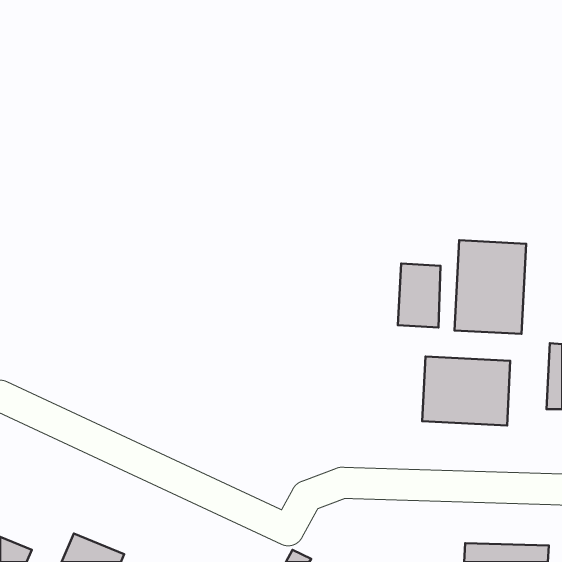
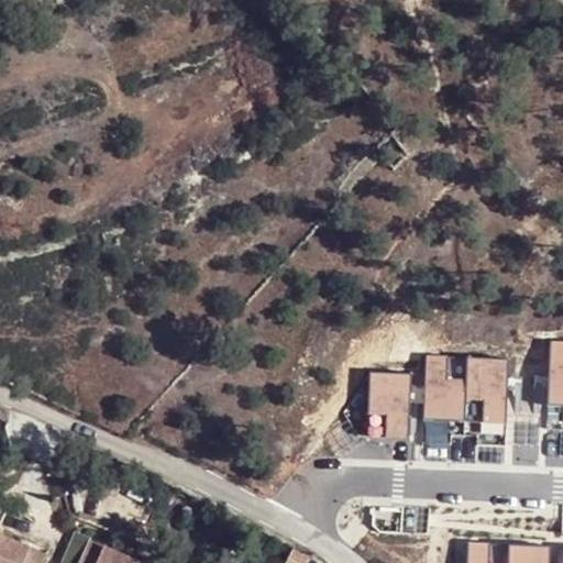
building: [455,240,526,334] -> none
building: [398,264,441,327] -> [366,375,409,439]

